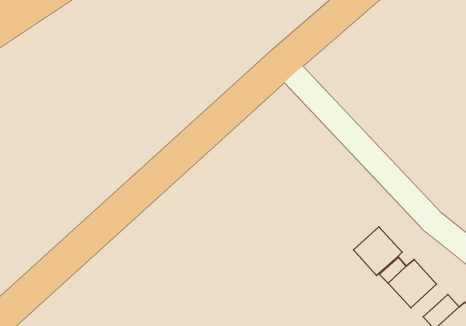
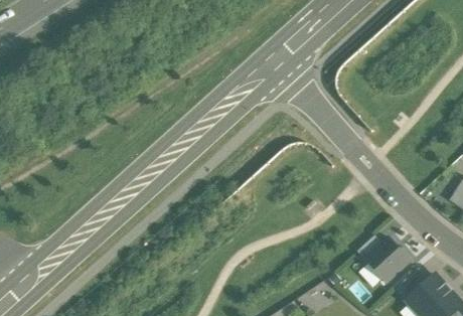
building: [353,227,402,275] -> none

